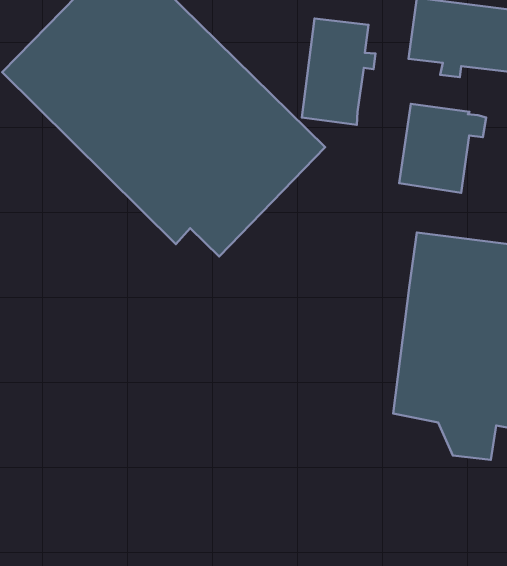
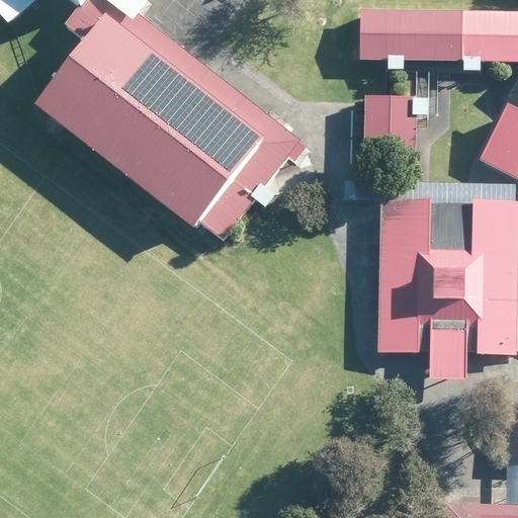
building: [302,19,376,125] -> none

